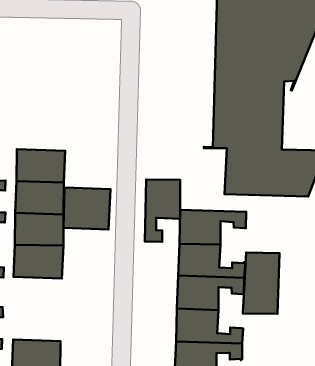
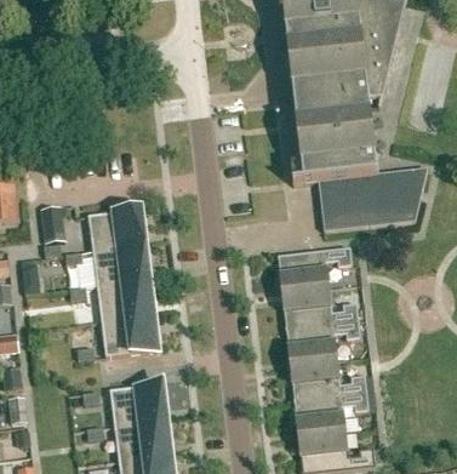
building: [145,180,180,242] -> none
building: [64,188,111,230] -> none
building: [243,253,280,314] -> none
building: none -> [110,383,167,424]

